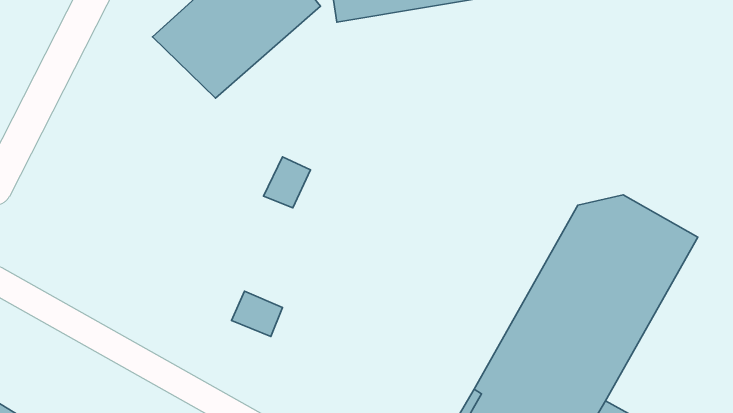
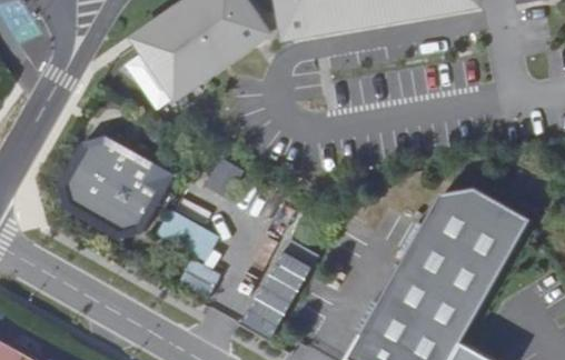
building: none -> [58,130,175,234]
building: none -> [153,207,206,252]
building: none -> [242,236,315,334]

